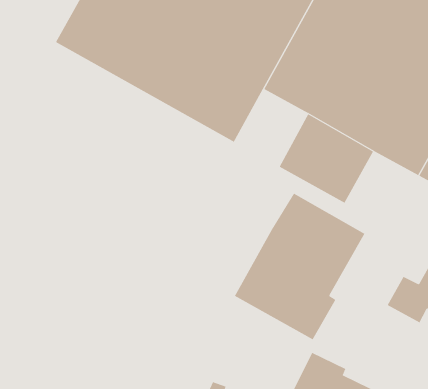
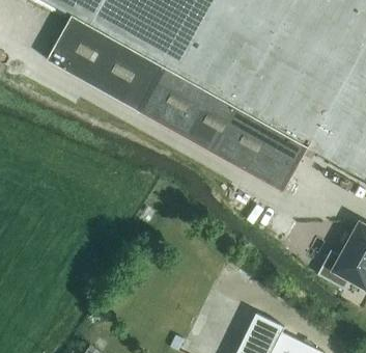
building: none -> [193,97,253,160]
building: [234,193,365,340] -> none

